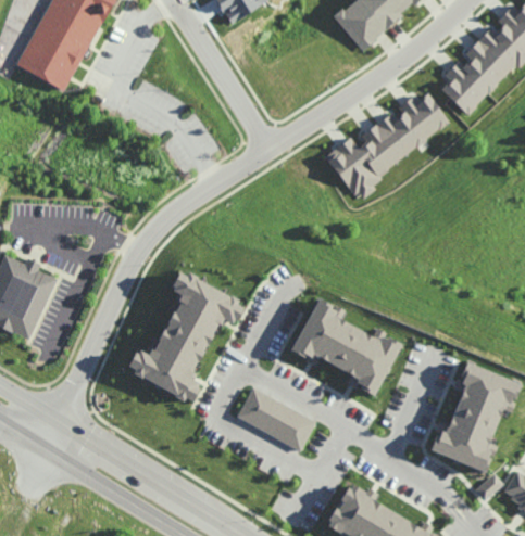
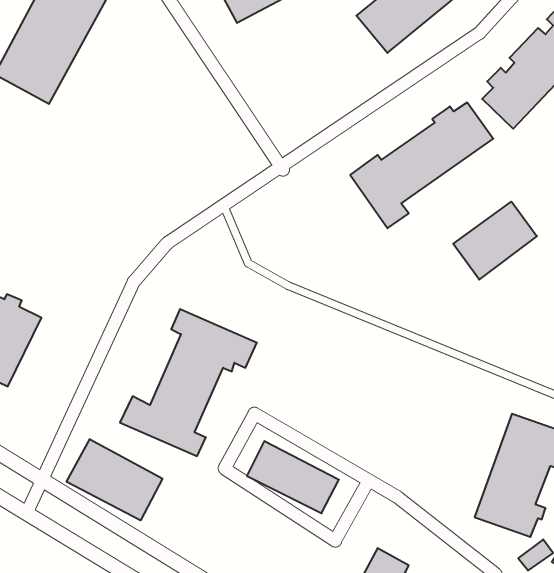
building: none -> [453,202,537,280]
building: [291,298,399,396] -> none
building: none -> [67,439,162,520]

